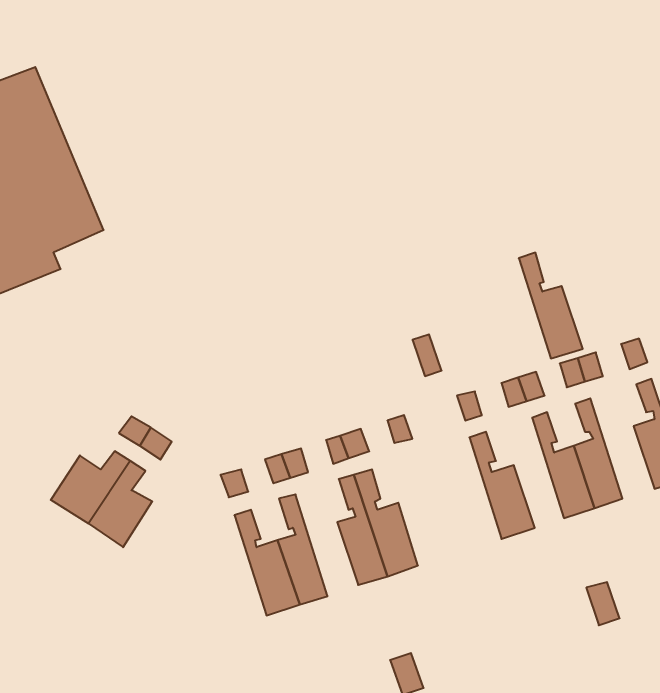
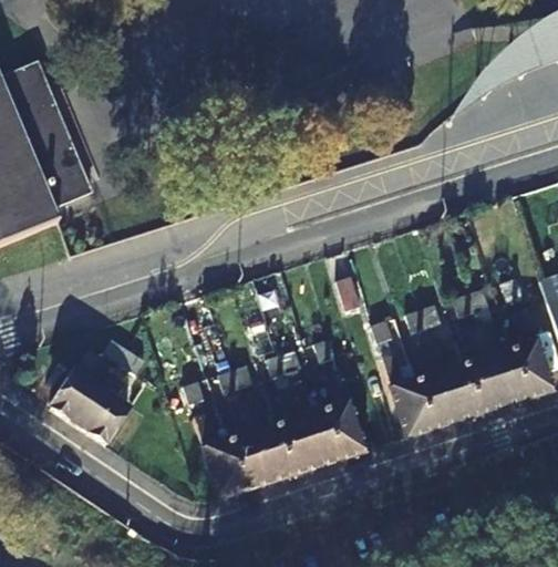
building: [519,253,583,358] -> [477,321,528,405]
building: none -> [416,341,456,429]
building: none -> [324,370,365,458]
building: none -> [242,398,292,483]

